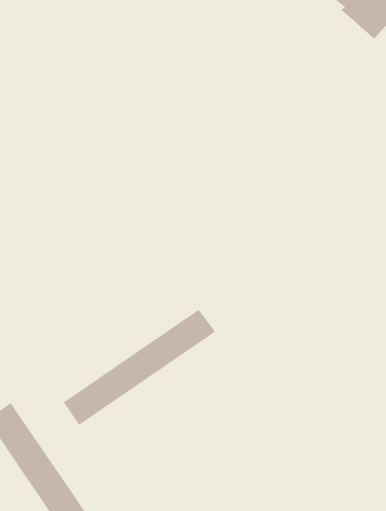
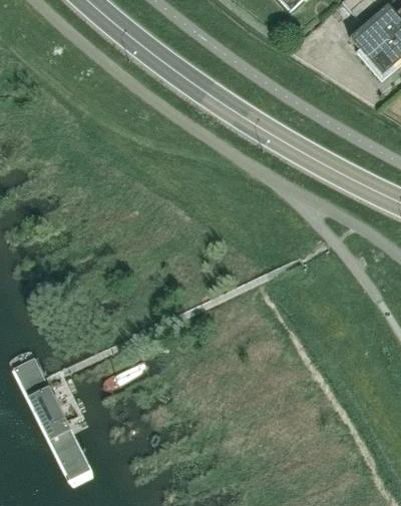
building: [63,309,216,426] -> none

